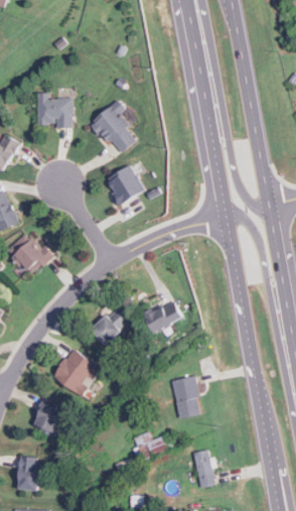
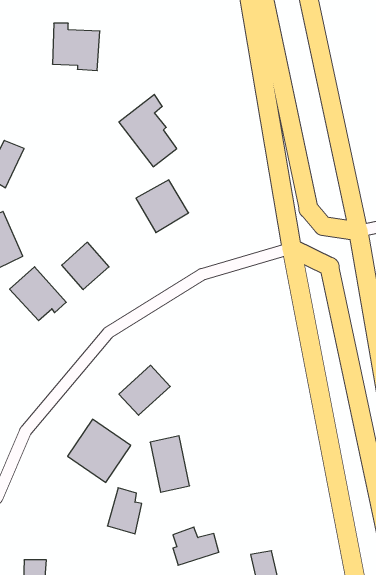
building: [36,93,72,129] -> [52,23,100,71]
building: none -> [62,242,109,290]
building: [144,300,182,333] -> none
building: [171,376,201,419] -> [150,436,190,492]
building: [34,399,60,434] -> [107,488,142,534]

